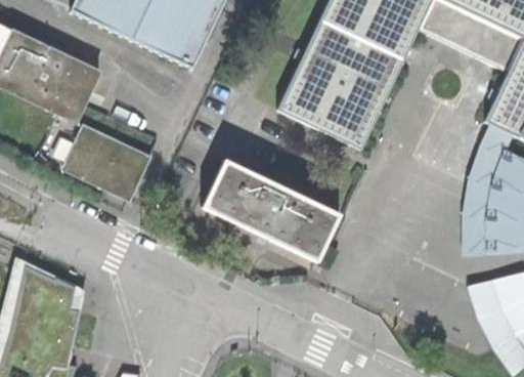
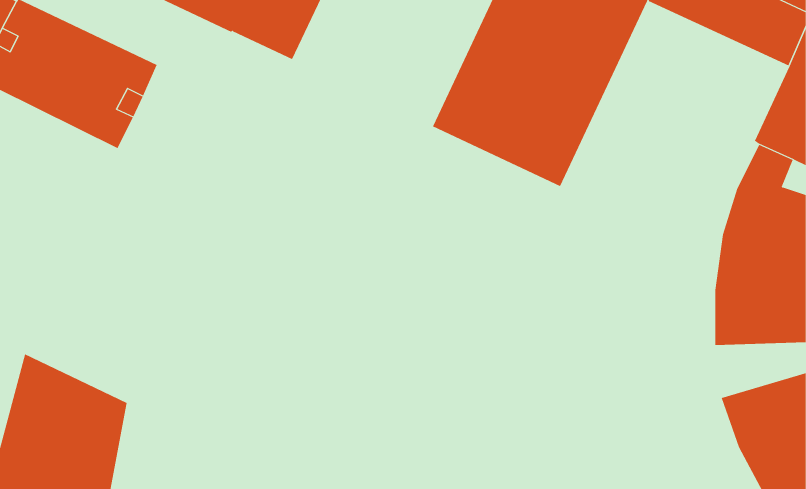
building: [60,123,151,204] -> none
building: [203,159,341,260] -> none

